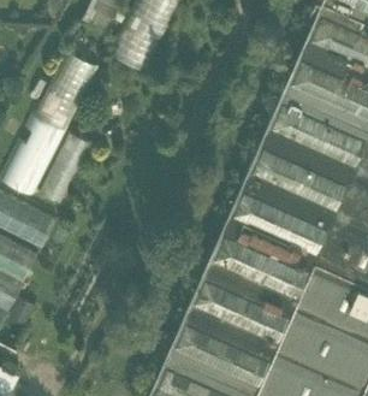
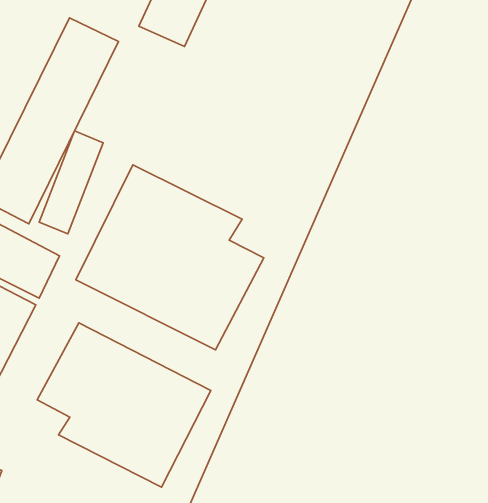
building: none -> [76,165,264,350]
building: none -> [37,323,211,487]

